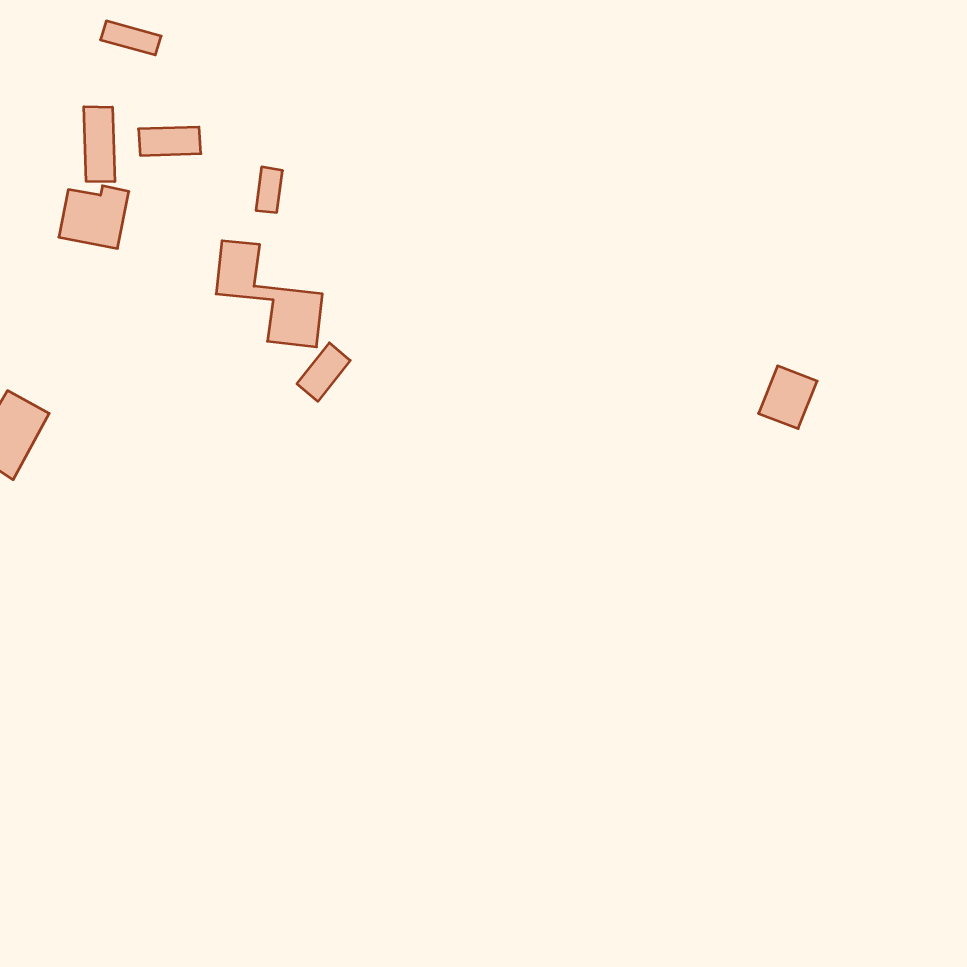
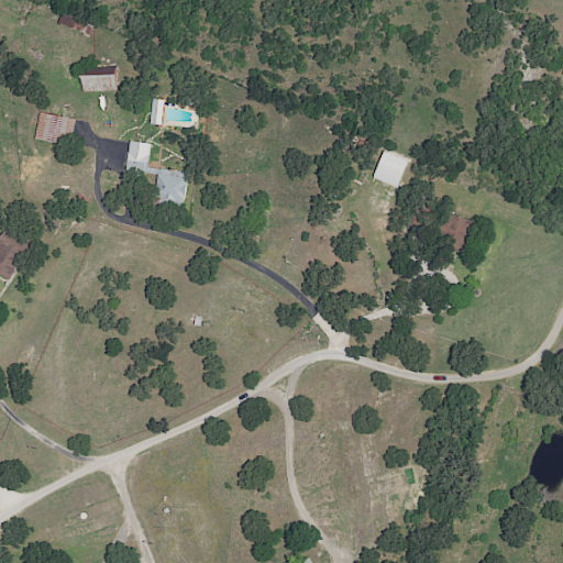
building: [84,107,115,182] -> none
building: none -> [373,151,406,186]
building: [297,343,350,401] -> none

